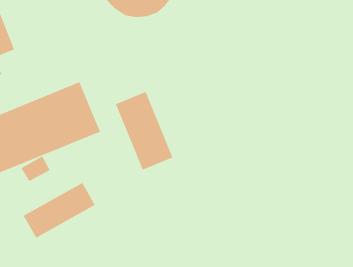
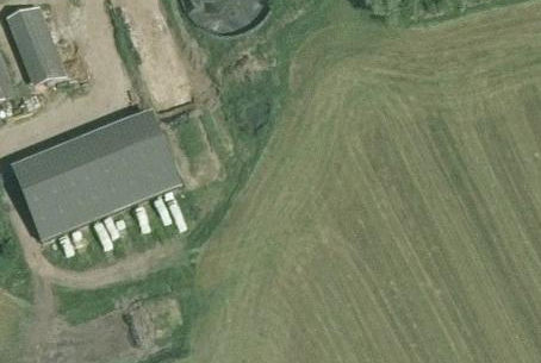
building: [115,91,173,171] -> none
building: [23,182,96,239] -> none

